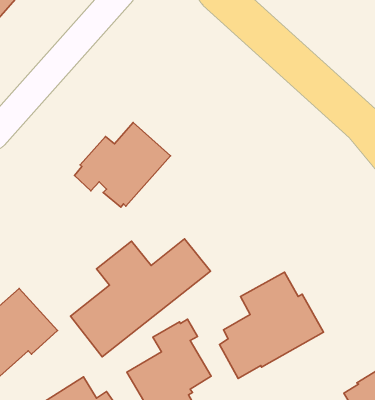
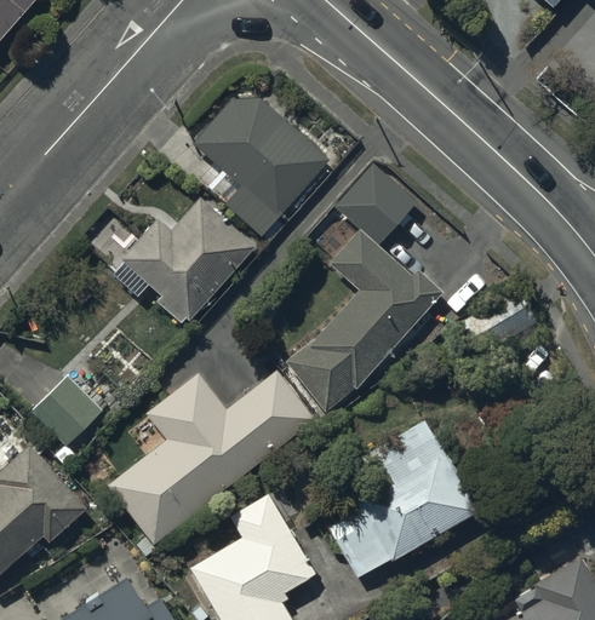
building: none -> [191,98,330,241]
building: none -> [285,163,442,411]
building: none -> [30,374,104,446]

